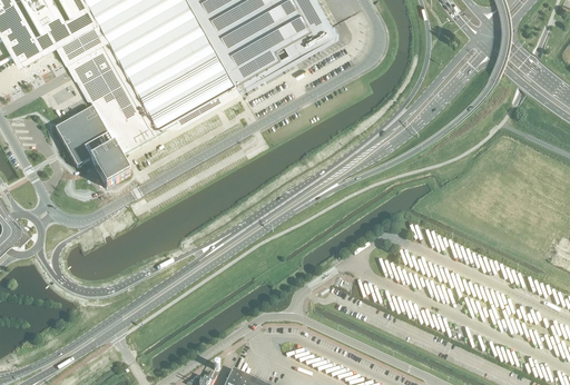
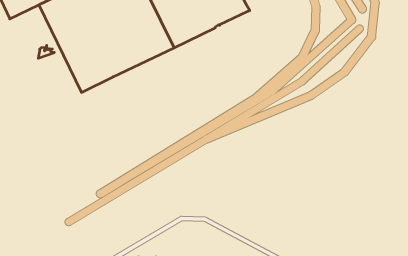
building: [51,108,126,187] -> none

